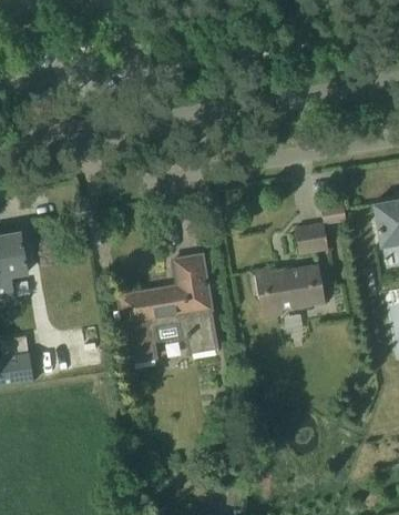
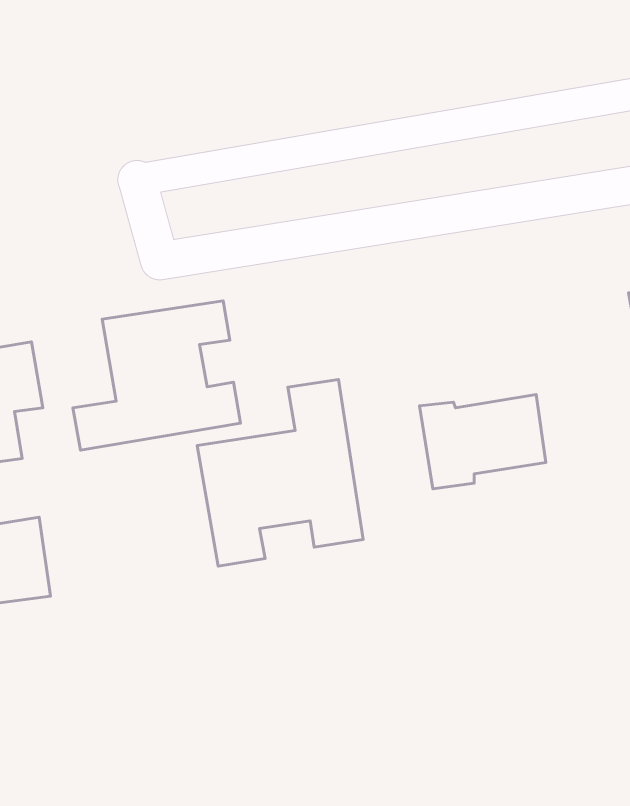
building: none -> [73,301,240,450]
building: [296,222,330,255] -> none

